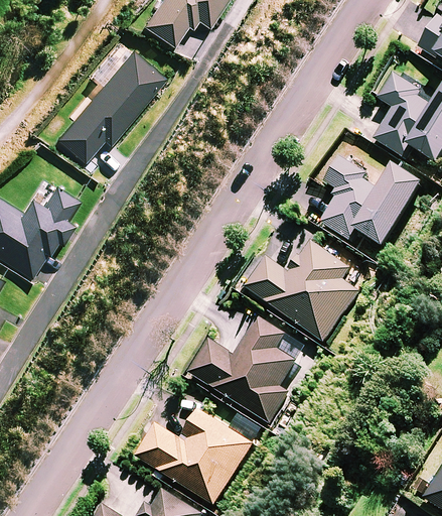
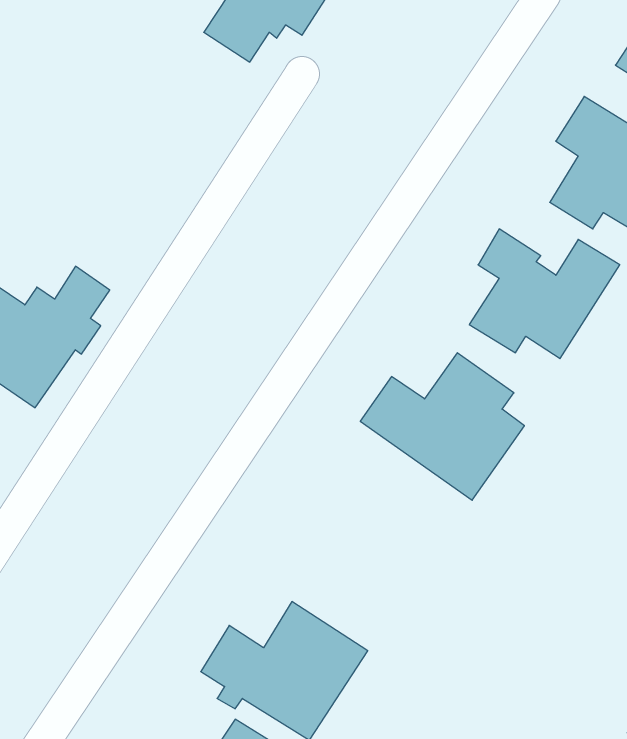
building: [54,49,164,161] -> none
building: [189,317,296,423] -> none

